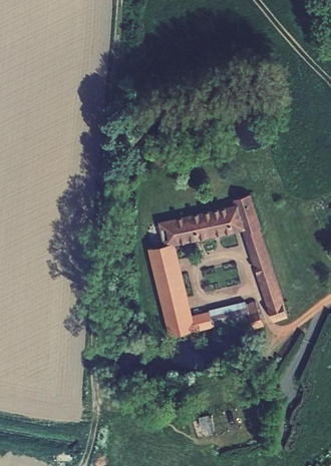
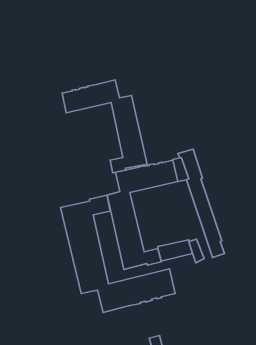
building: none -> [62,80,147,173]
building: none -> [60,195,175,312]

